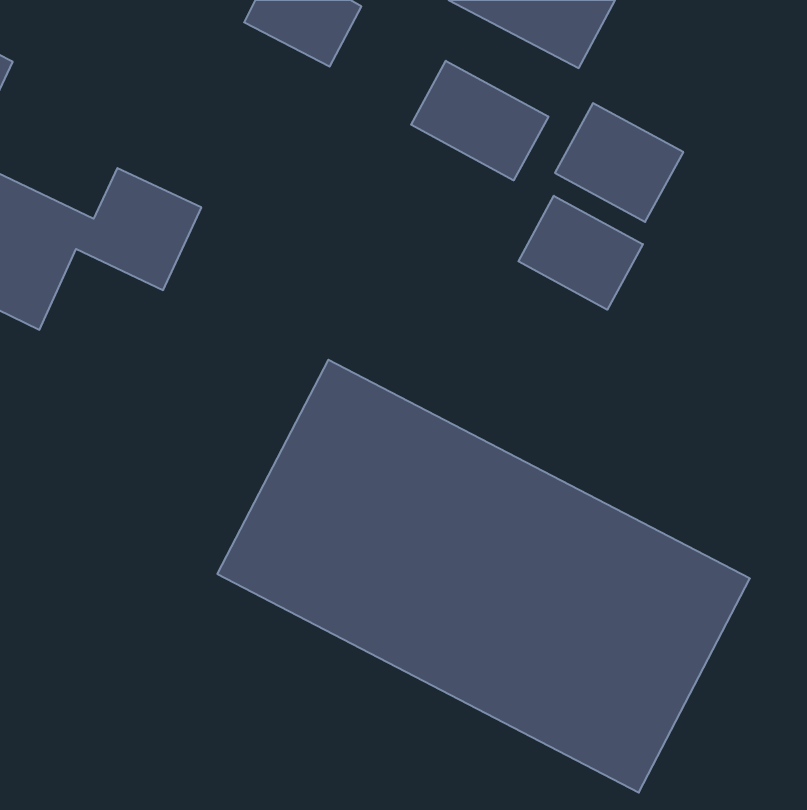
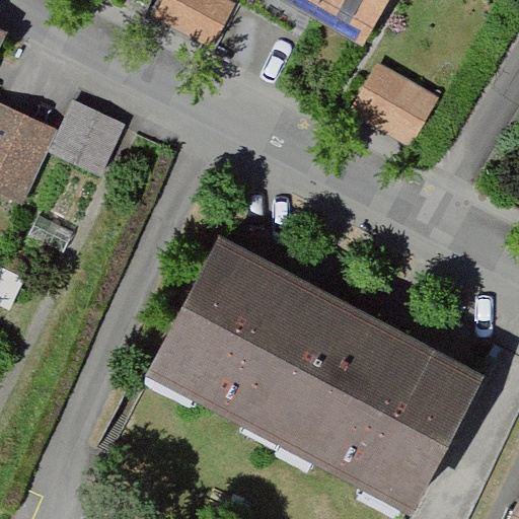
building: [411,61,548,180] -> none
building: [518,196,643,310] -> none

